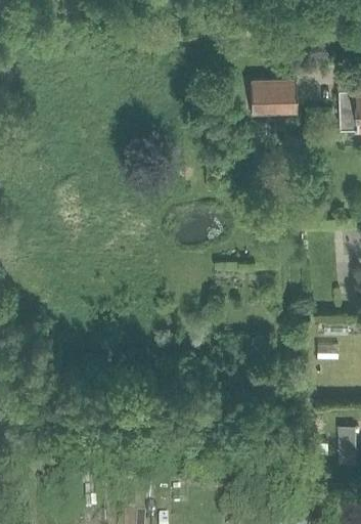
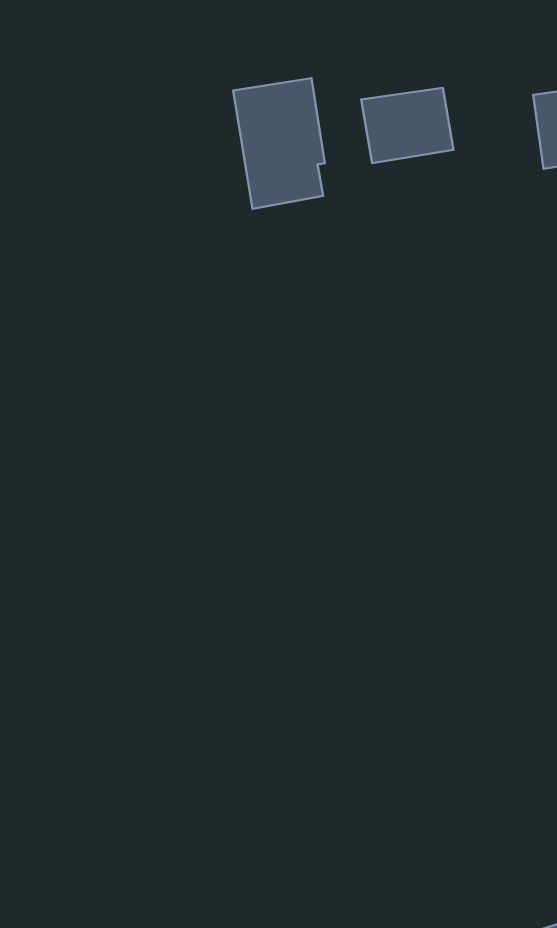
building: none -> [233,78,325,209]

